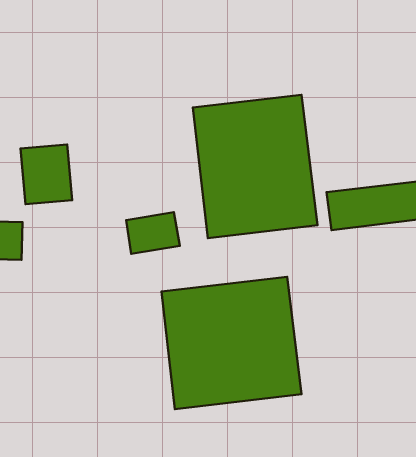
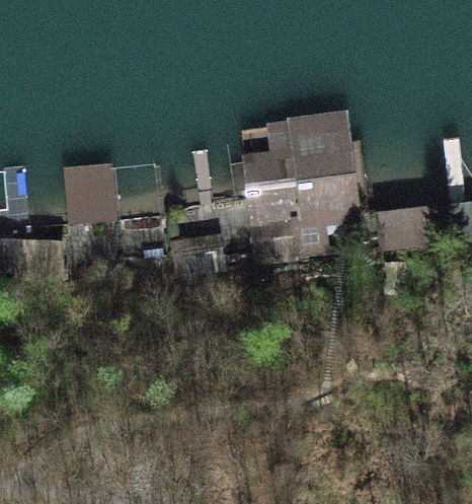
building: [161,277,302,409] -> none

